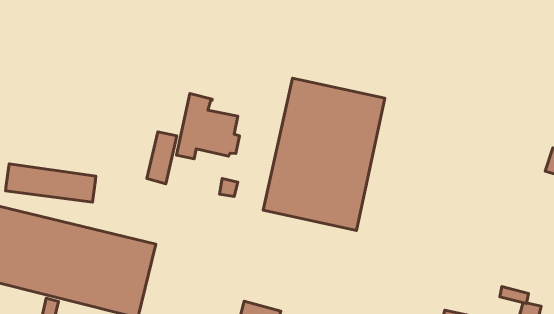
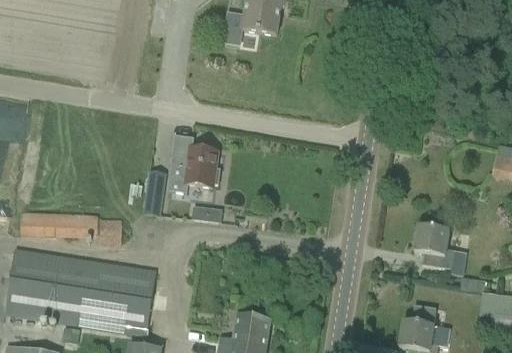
building: [263,78,385,231] -> none
building: none -> [414,224,454,268]

